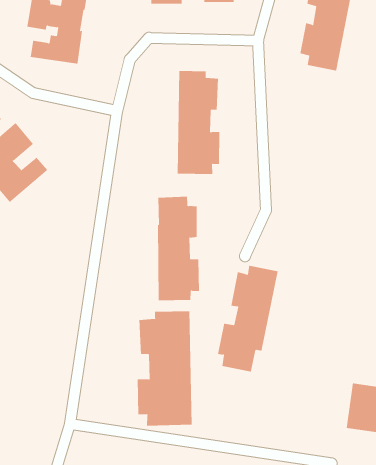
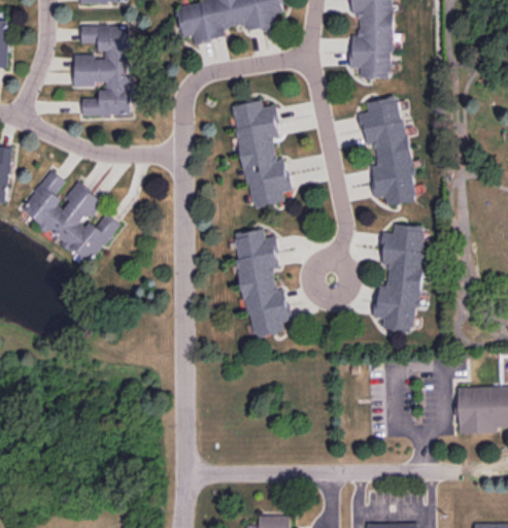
building: none -> [360,96,417,205]
building: [217,265,279,372] -> [376,224,424,330]
building: [137,311,192,427] -> none

